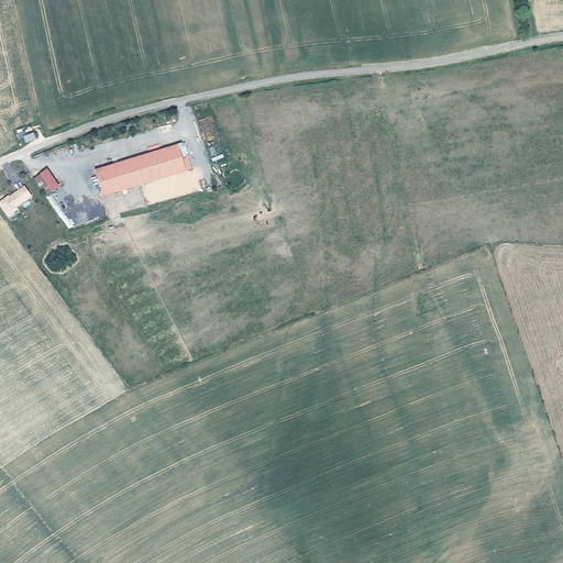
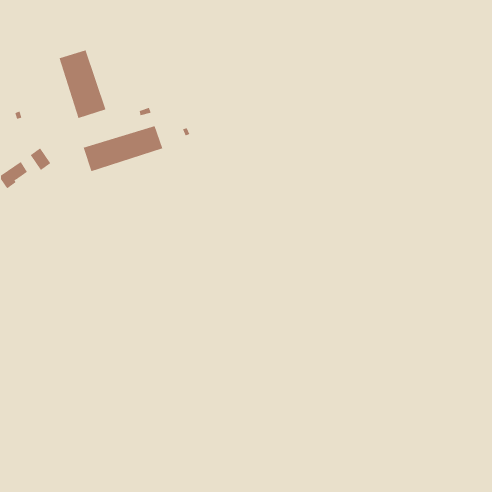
building: none -> [59,50,106,119]

